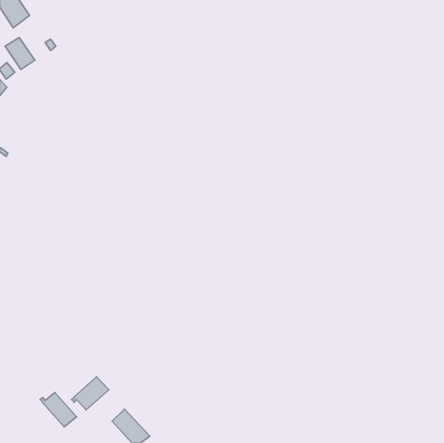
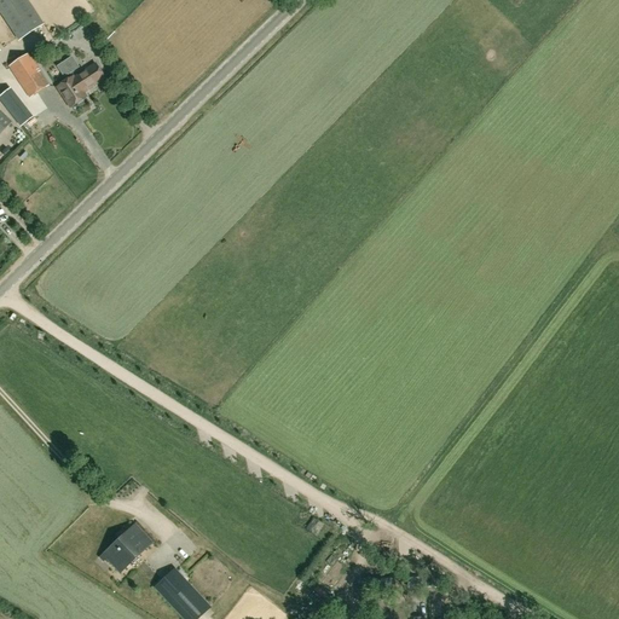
building: none -> [57,63,104,105]
building: [40,392,76,427] -> none

